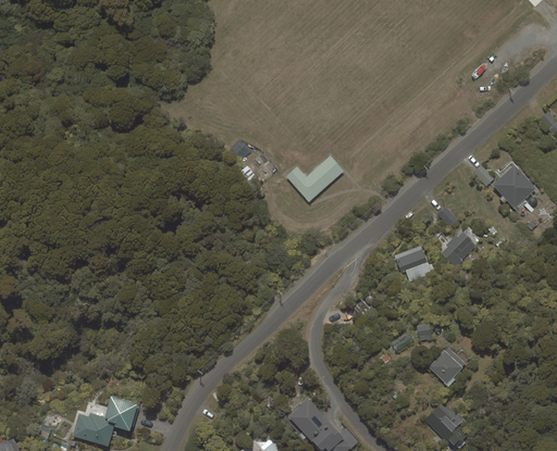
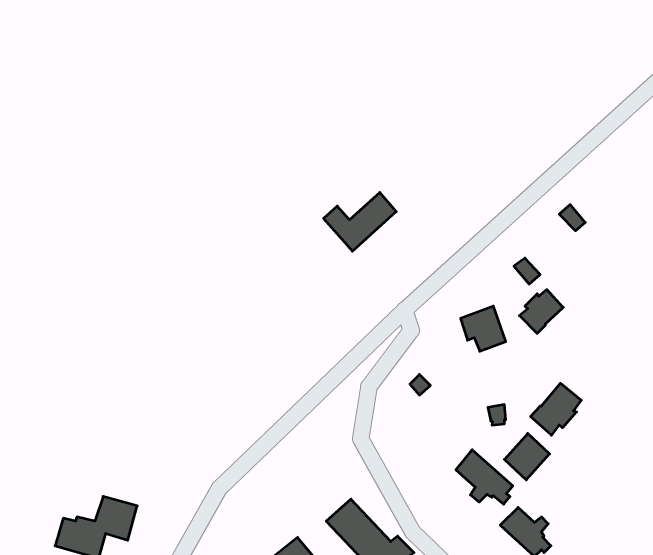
building: [492,165,534,209] -> none
building: none -> [531,383,581,435]
building: none -> [456,450,513,504]

